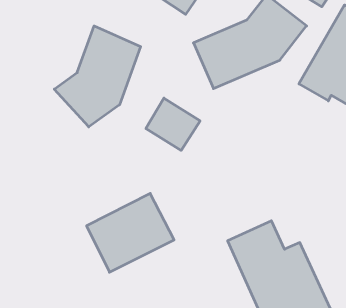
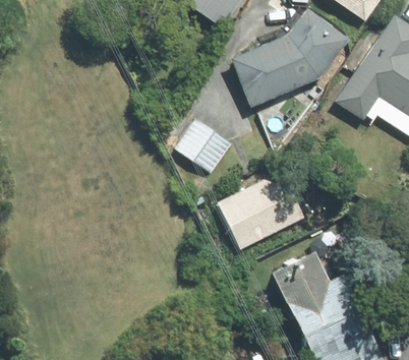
building: [54,26,141,127] -> none
building: [87,193,174,272] -> [216,168,309,252]

